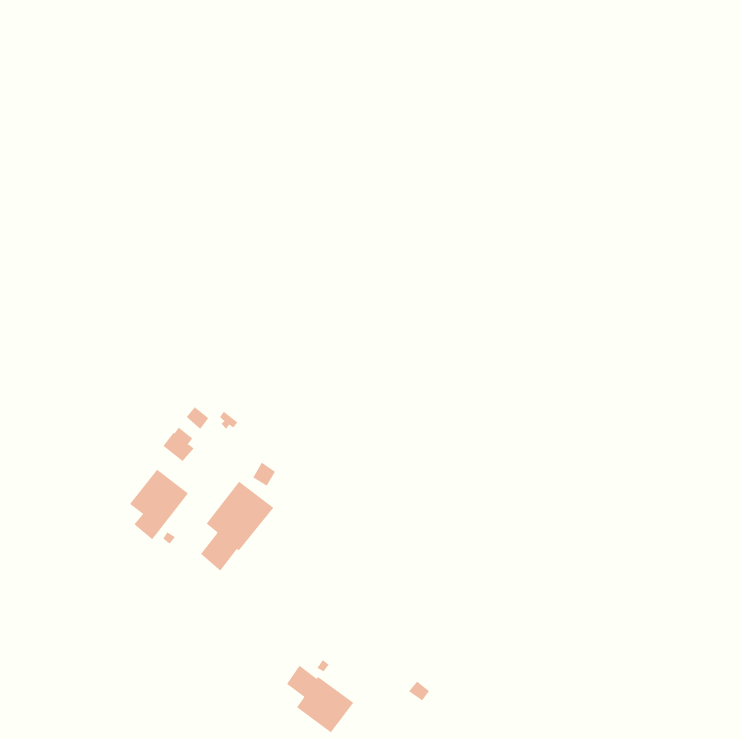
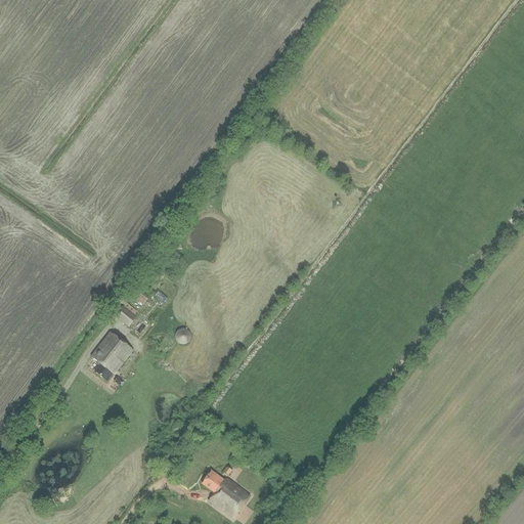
building: [200,481,274,571] -> none

